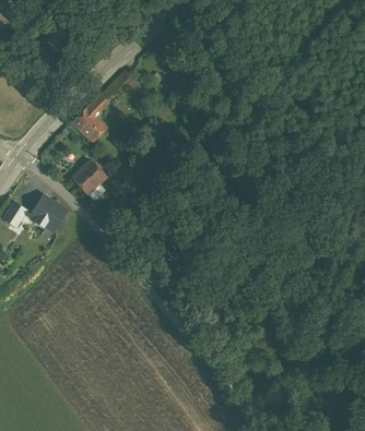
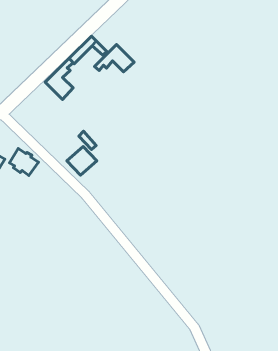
building: none -> [94,44,134,72]
building: [72,160,106,193] -> [67,146,97,175]

